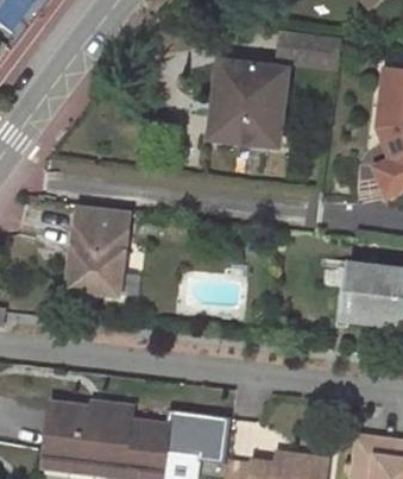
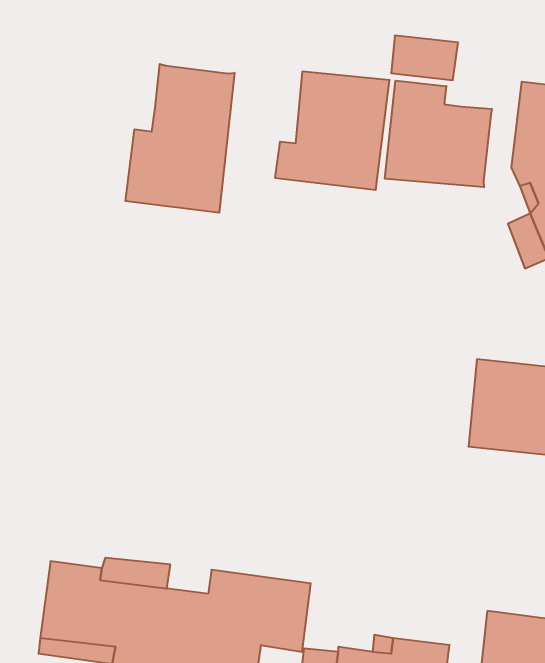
building: none -> [125,64,235,213]
building: none -> [385,81,492,187]
building: [68,207,130,297] -> none

